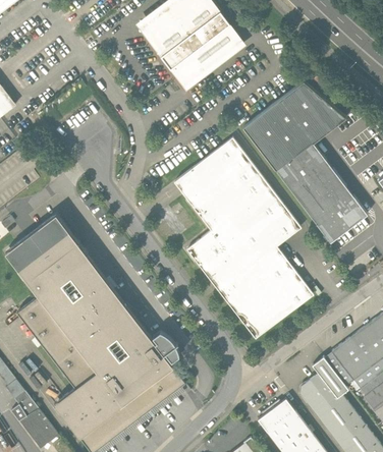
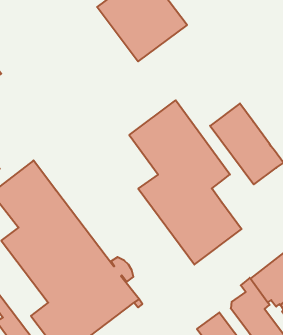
building: [242,80,344,169] -> none

